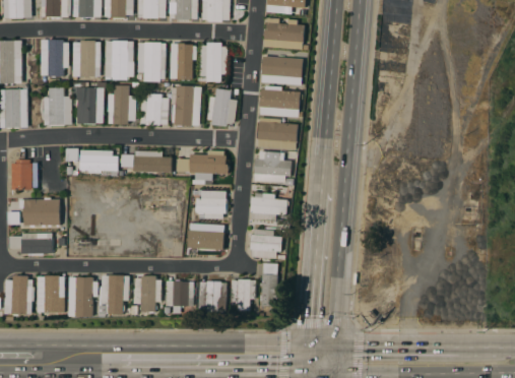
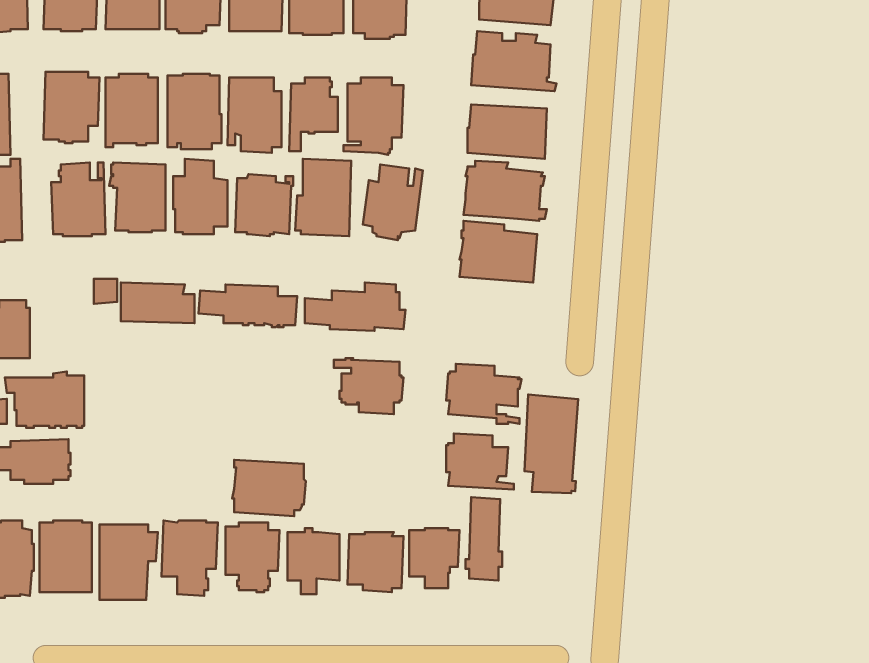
building: [255,151,293,184] -> none
building: none -> [524,394,578,493]
building: [187,224,226,253] -> [232,460,306,516]

